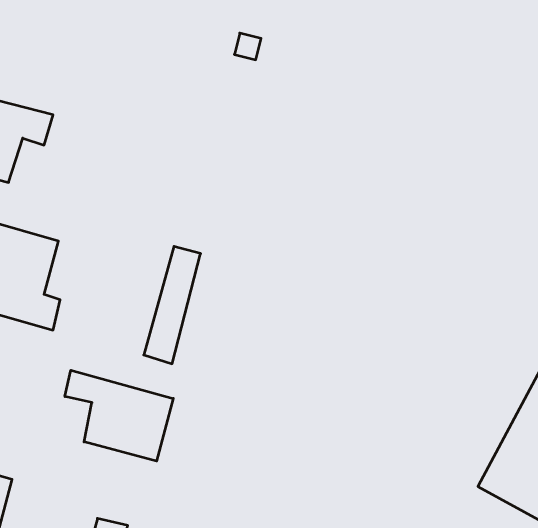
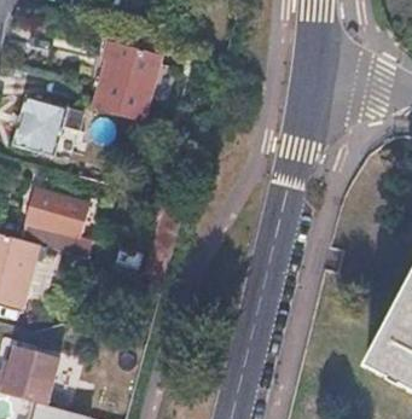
building: none -> [88,41,157,122]
building: [65,370,173,461] -> none

